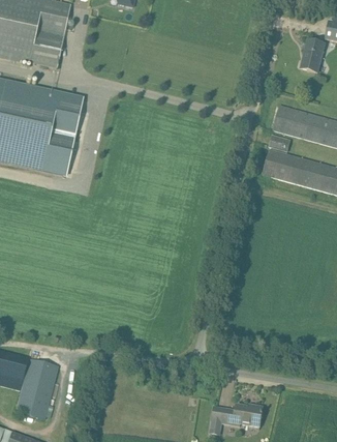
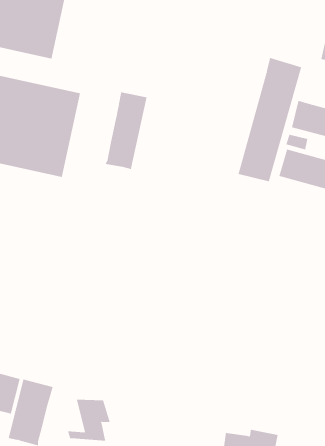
building: none -> [238,57,302,182]
building: none -> [105,92,147,170]
building: none -> [67,399,110,441]

